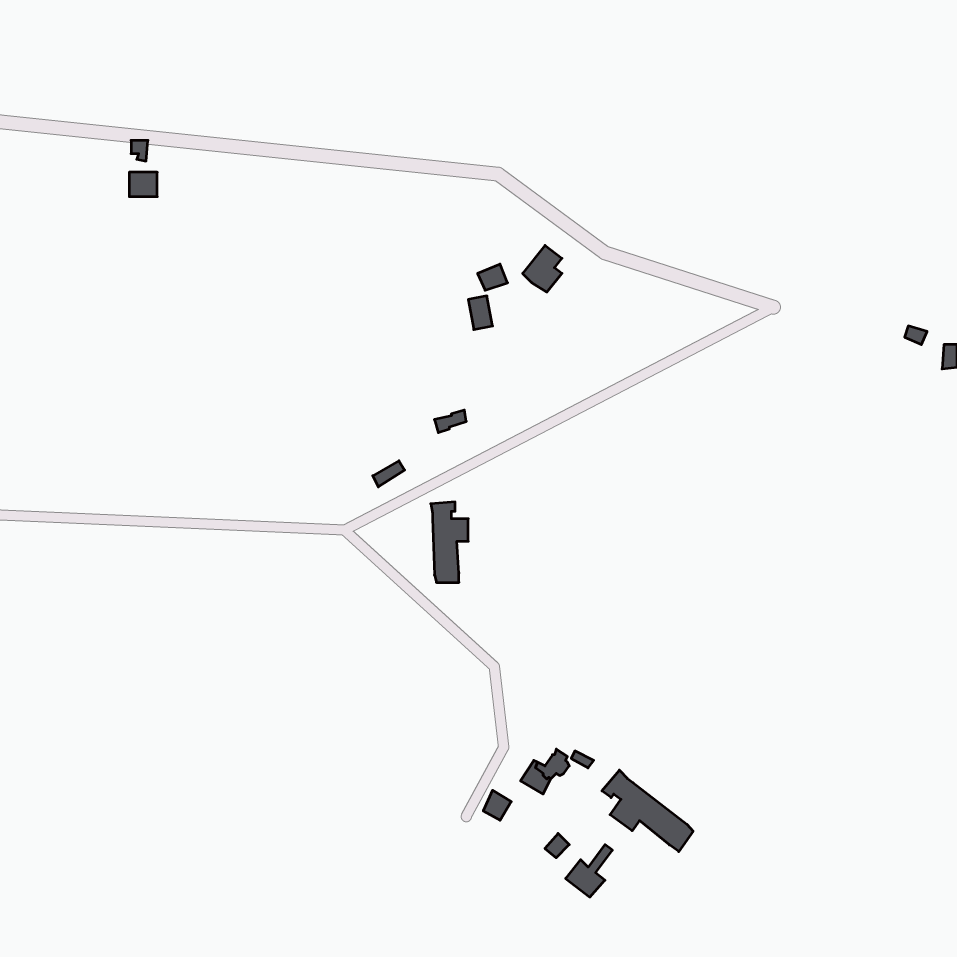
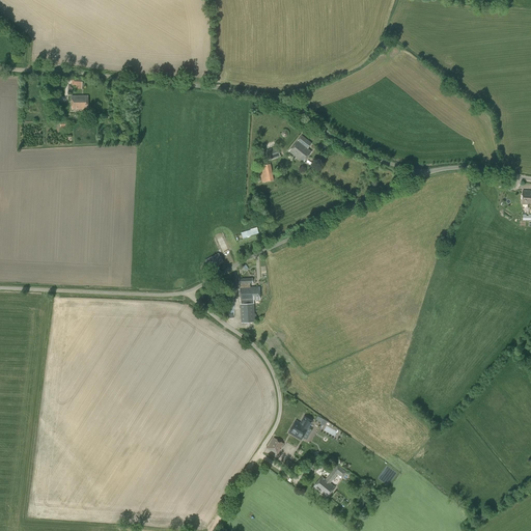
building: [602,770,693,852] -> none

